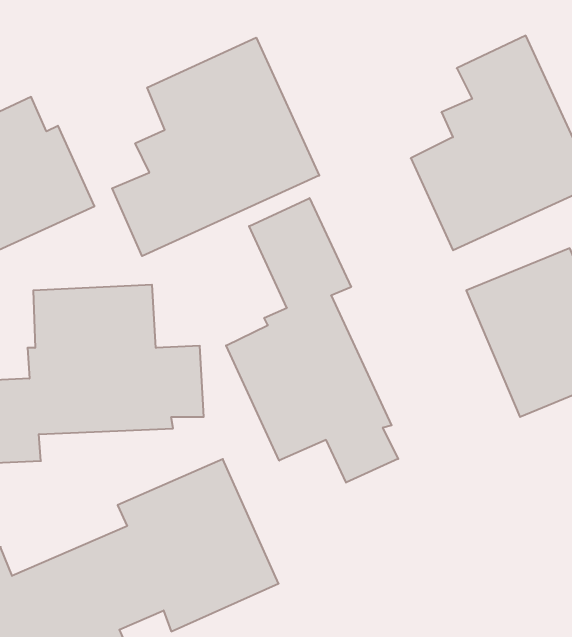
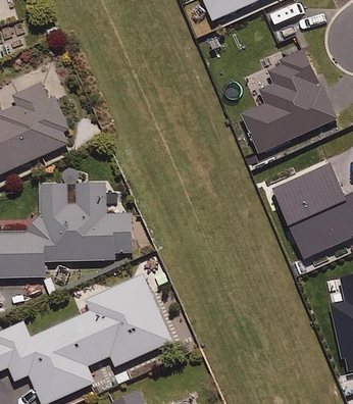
building: [112,38,319,256] -> none
building: [226,198,398,483] -> none

